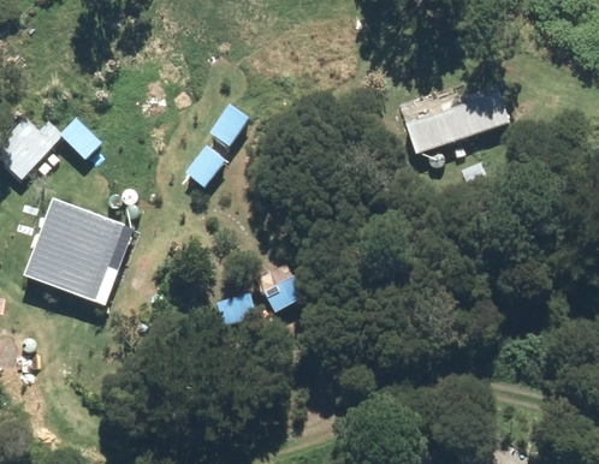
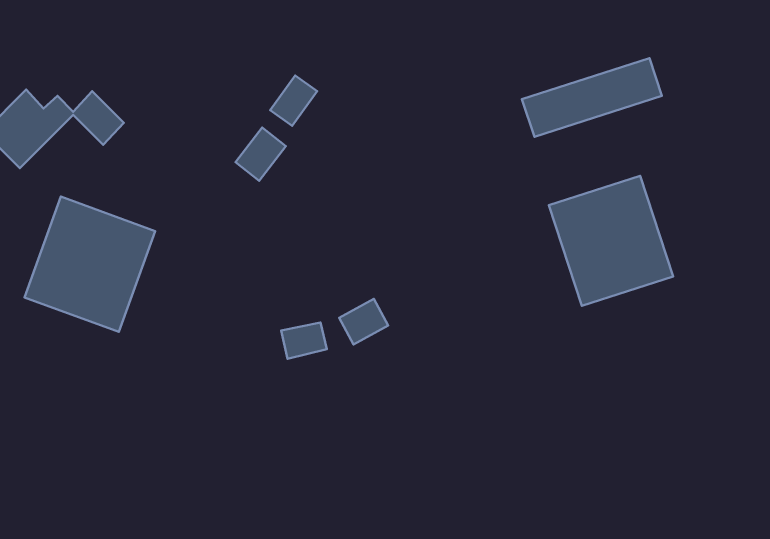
building: none -> [549,176,673,306]

